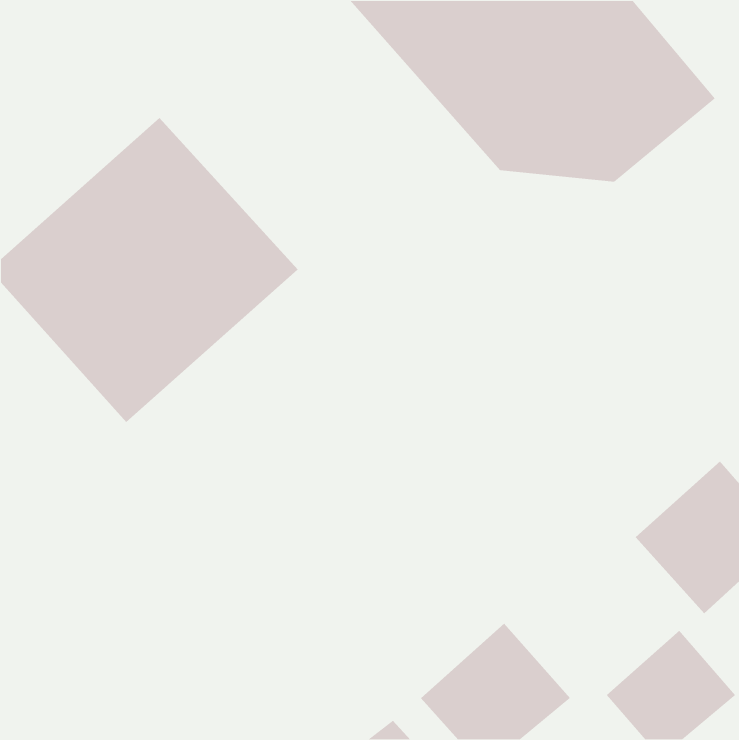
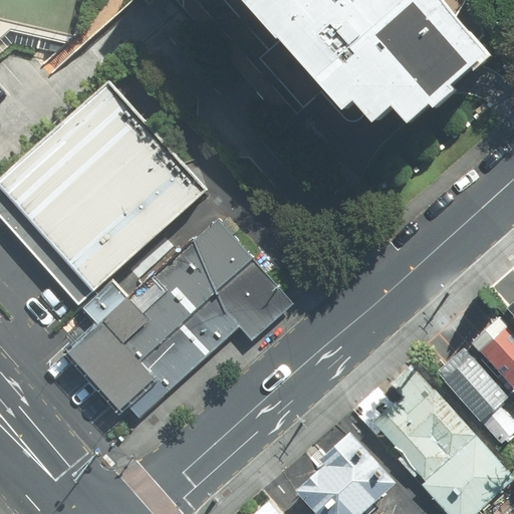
building: none -> [68,219,279,422]
building: none -> [368,366,472,482]

